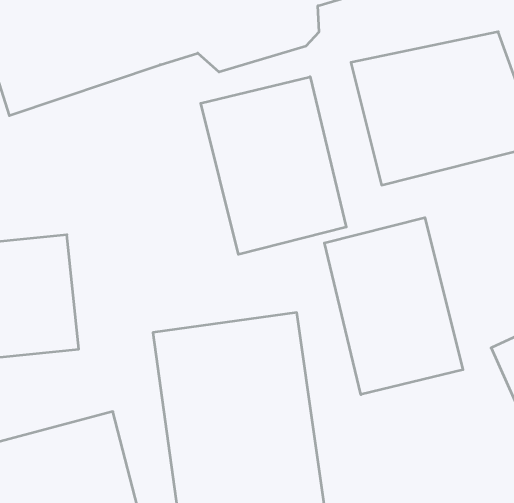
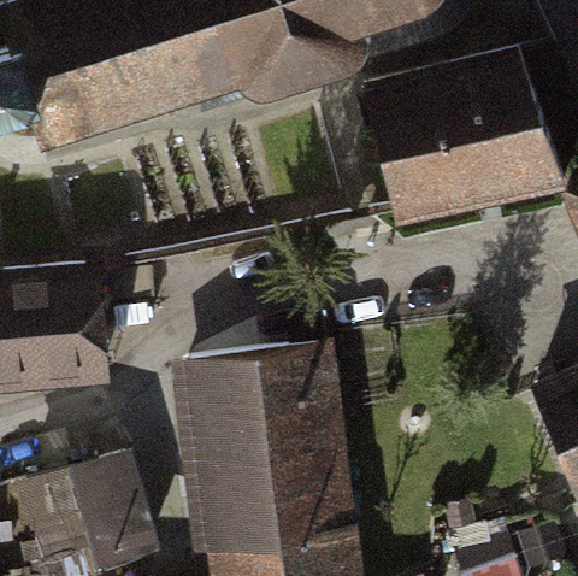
building: [201,77,346,254] -> none
building: [324,218,463,395] -> none

